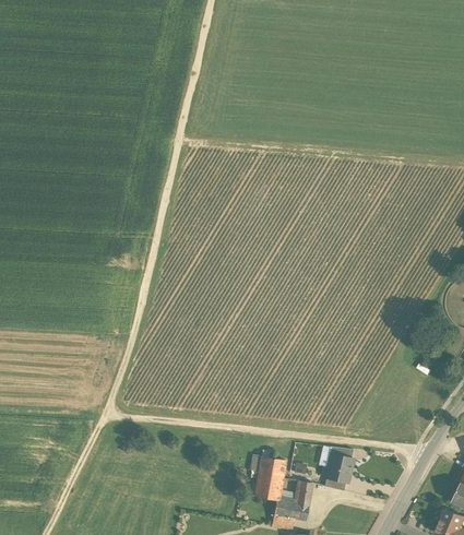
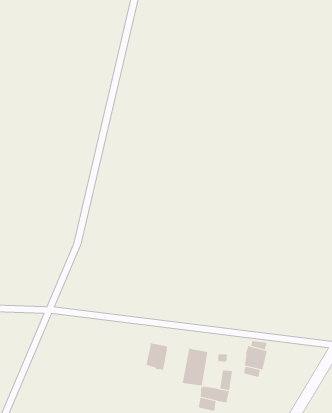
building: none -> [146,342,168,370]

